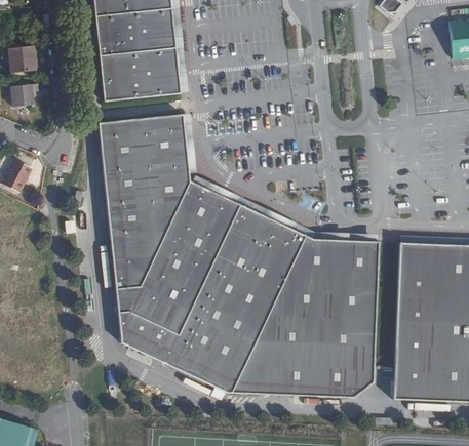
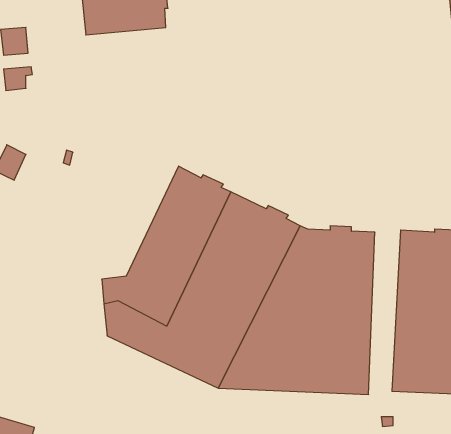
building: [97,46,181,96] -> none
building: [96,113,189,288] -> none

